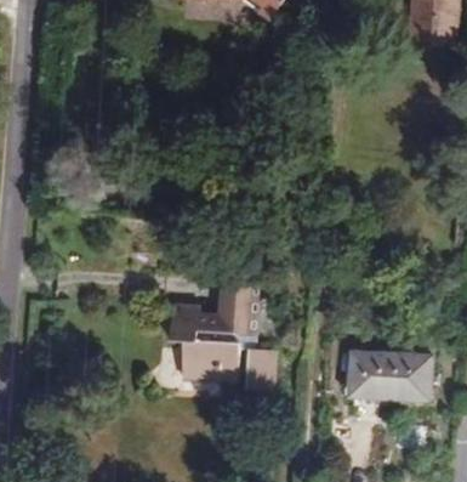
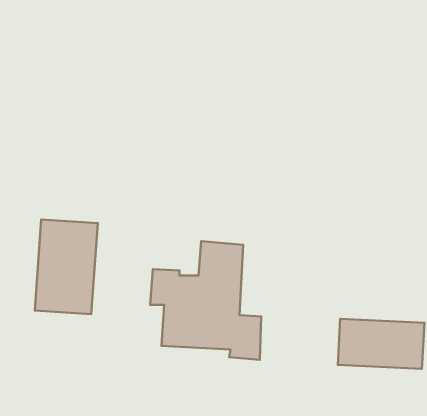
building: none -> [35,220,98,314]

